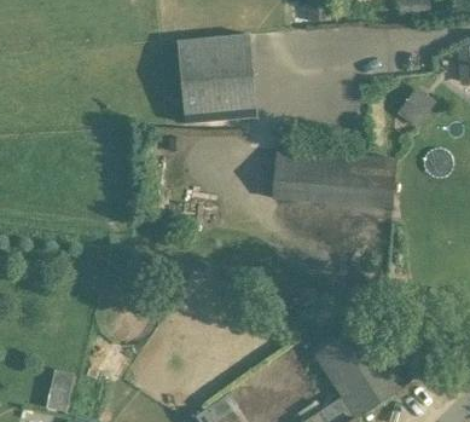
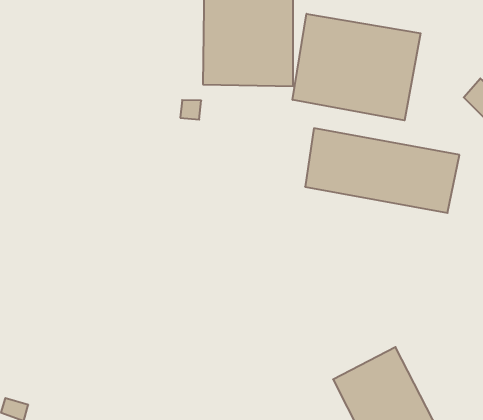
building: none -> [293,14,421,120]

